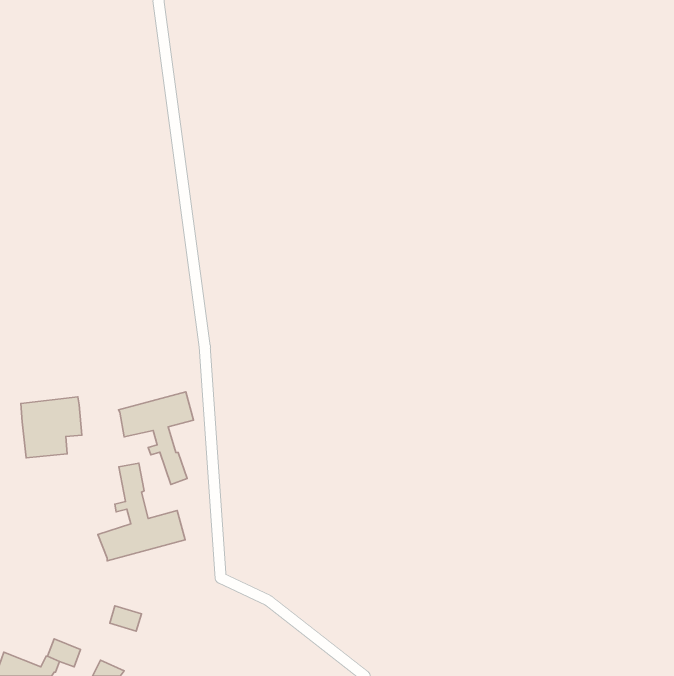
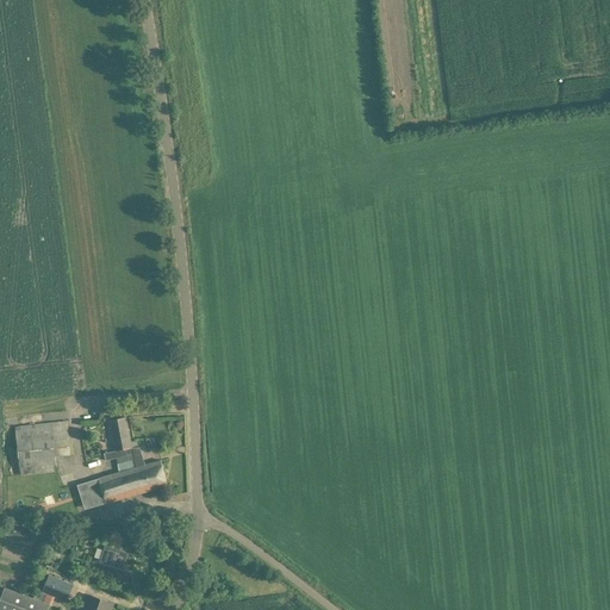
building: [119,392,193,484] -> none
building: [21,397,82,458] -> [14,421,69,475]

